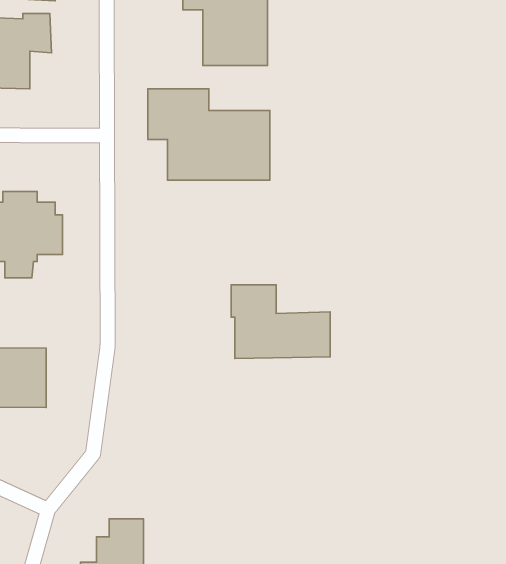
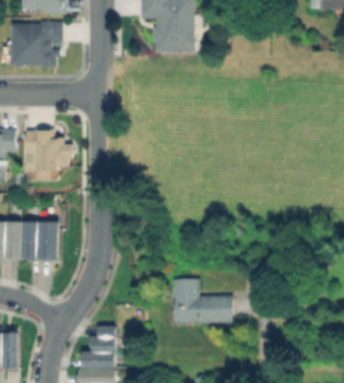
building: [148,89,270,180] -> none
building: [231,285,330,359] -> [171,276,232,321]

